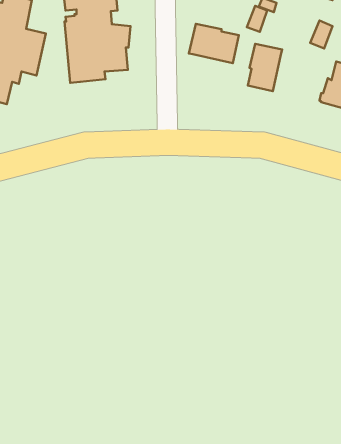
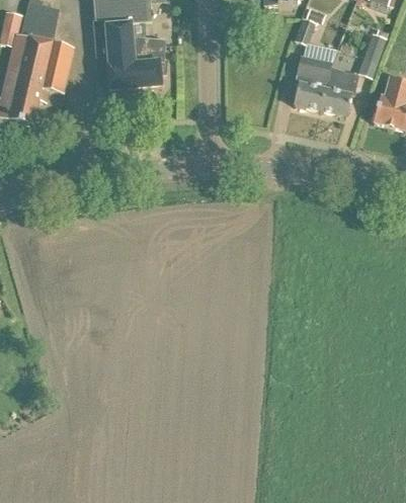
building: [189,24,239,63] -> none
building: none -> [321,68,358,115]

